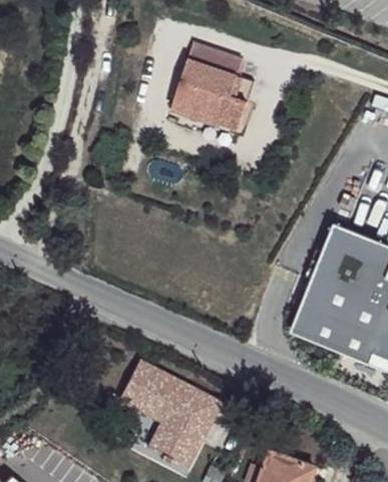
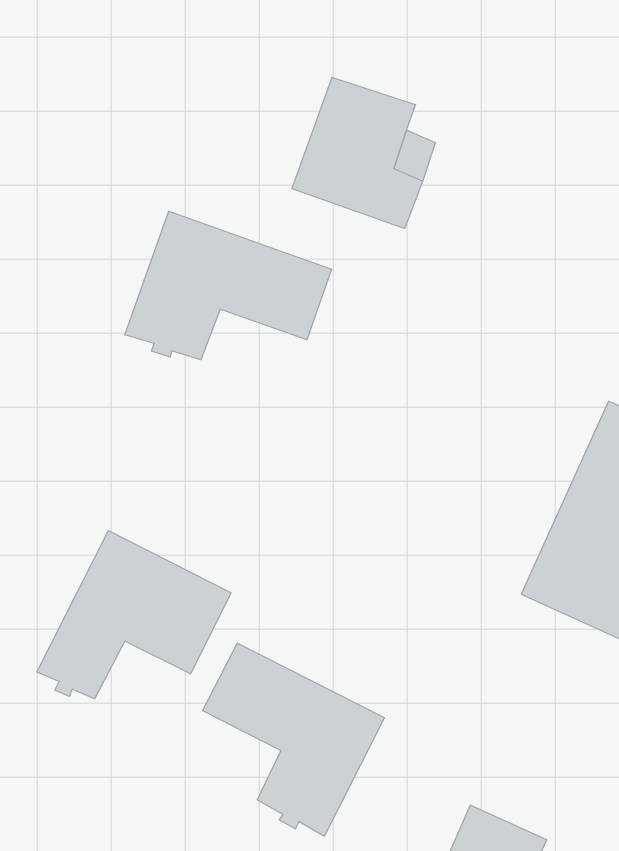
building: none -> [125,211,332,360]
building: none -> [37,531,231,699]

